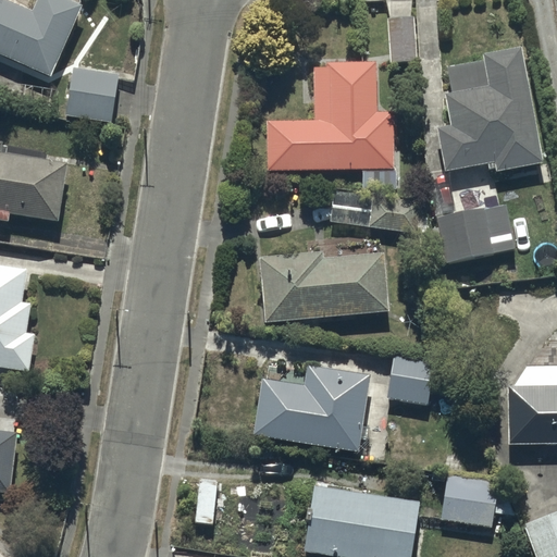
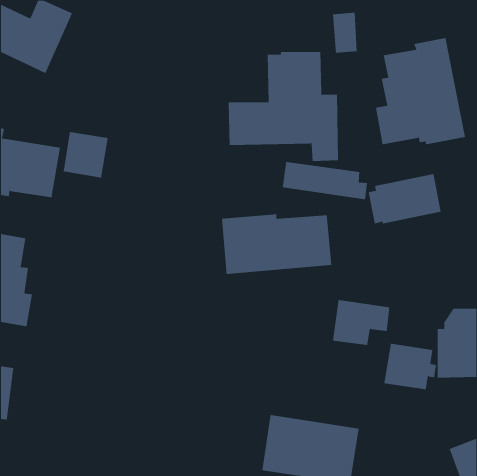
building: [67,75,121,129] -> [63,131,108,178]
building: [252,366,370,450] -> none
building: [440,473,502,528] -> [384,343,437,390]

